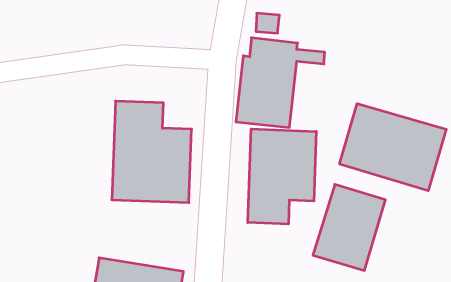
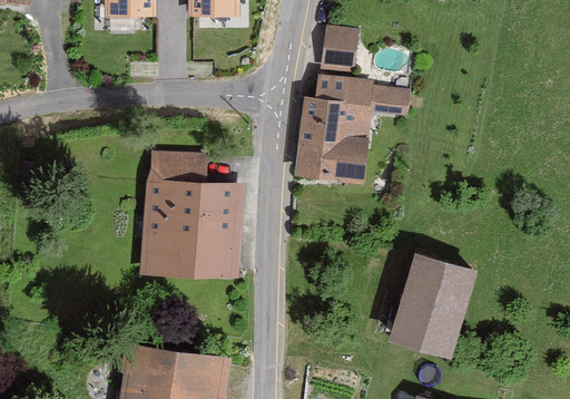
building: [340,104,446,191] -> none
building: [248,129,316,224] -> none

